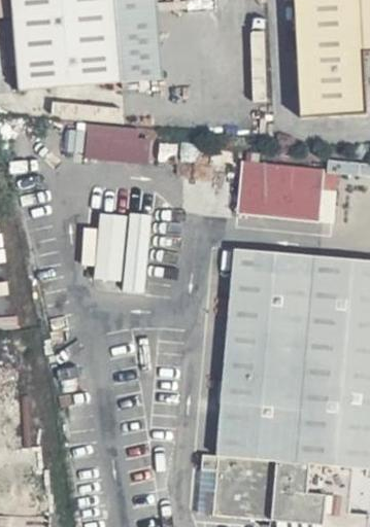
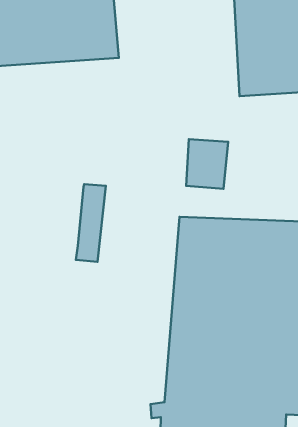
building: [86,122,153,165] -> none
building: [282,166,330,220] -> none
building: [92,212,128,280] -> none

